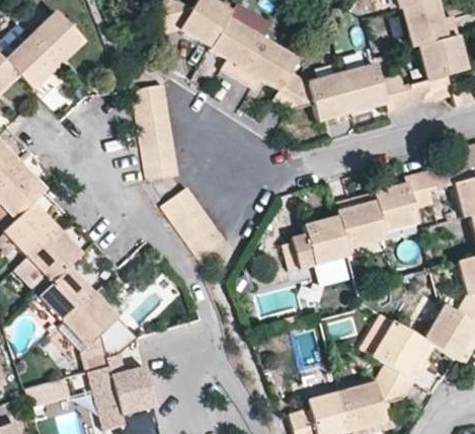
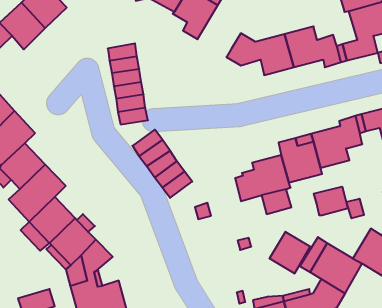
building: [239,39,299,90] -> none
building: none -> [314,187,348,215]
building: none -> [270,232,310,274]

